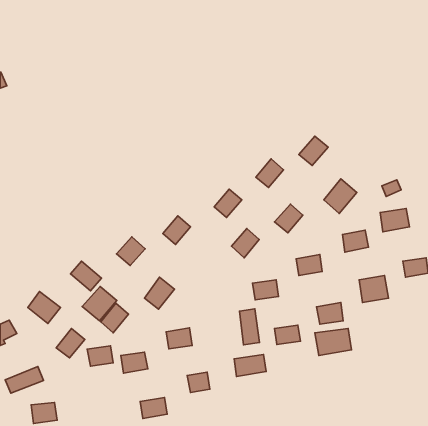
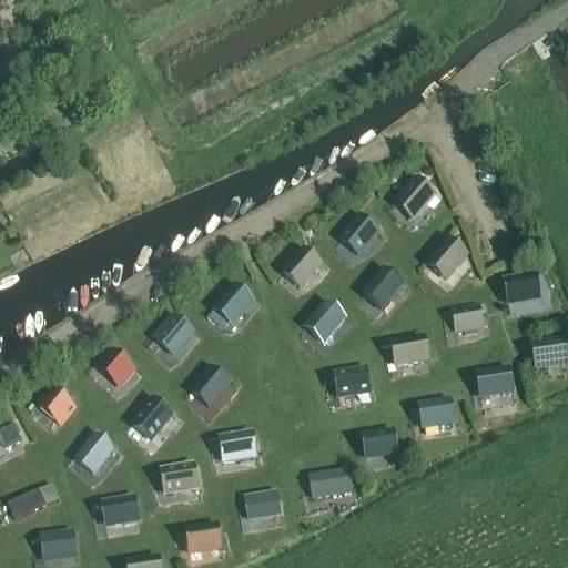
building: [82,286,117,321] -> none
building: [239,309,259,345] -> none
building: [315,328,352,356] -> none
building: [87,346,113,366] -> [103,498,138,525]

